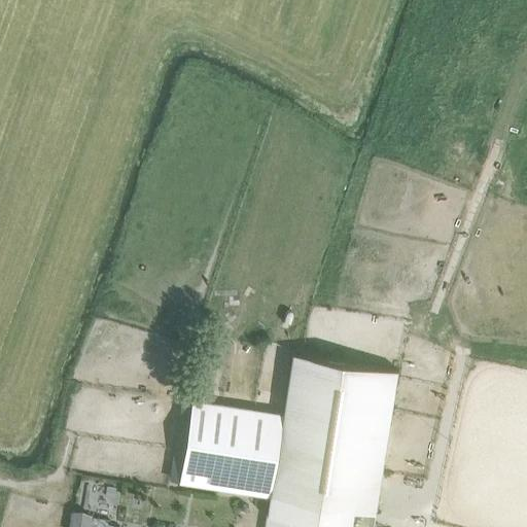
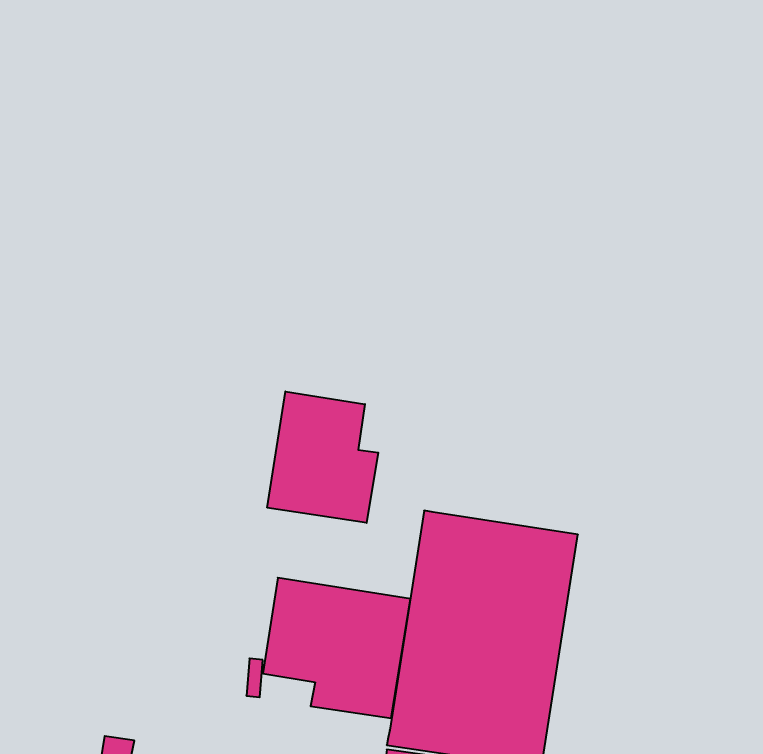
building: none -> [267,391,378,523]

